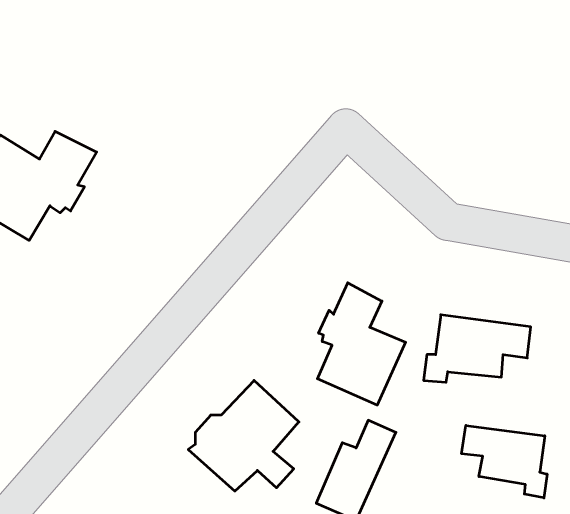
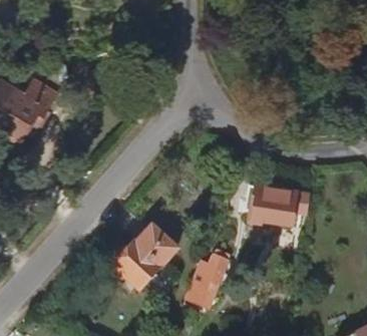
building: [317,283,406,405] -> none
building: [462,425,547,498] -> none

